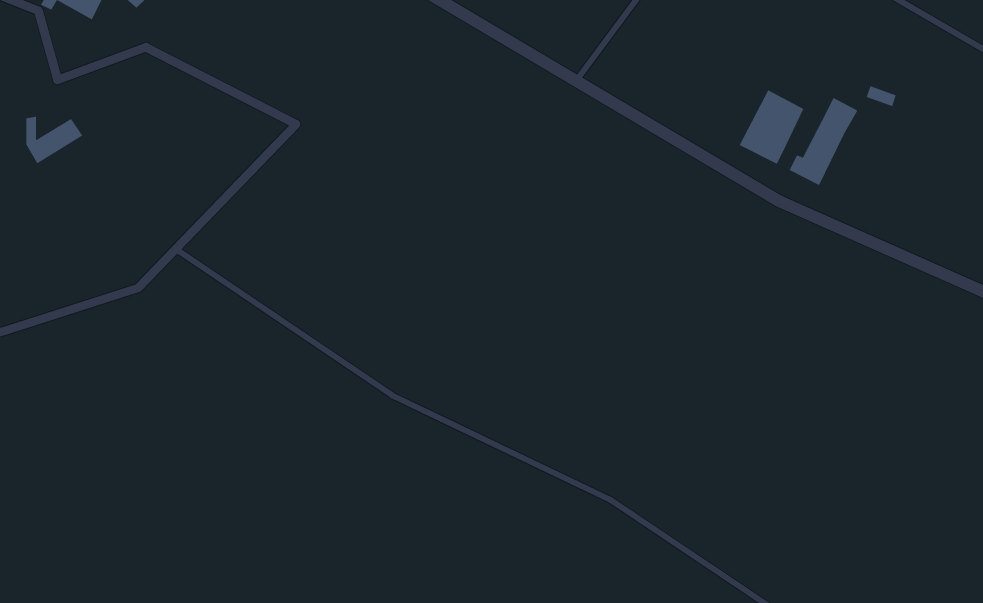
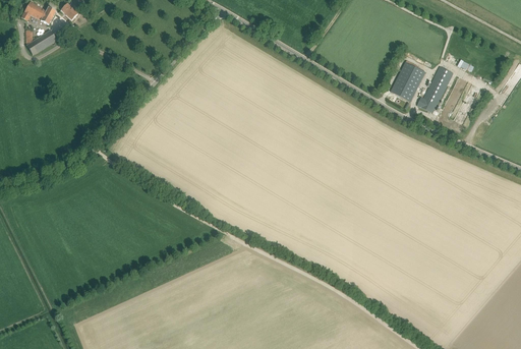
building: [25,116,83,164] -> [26,28,57,54]

